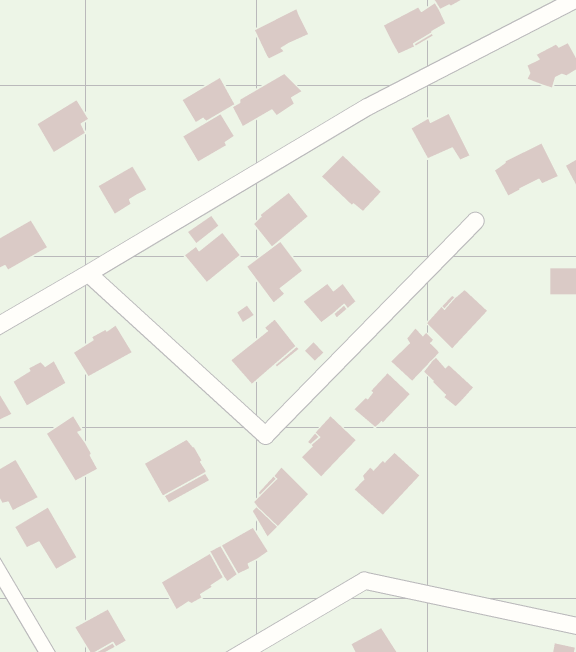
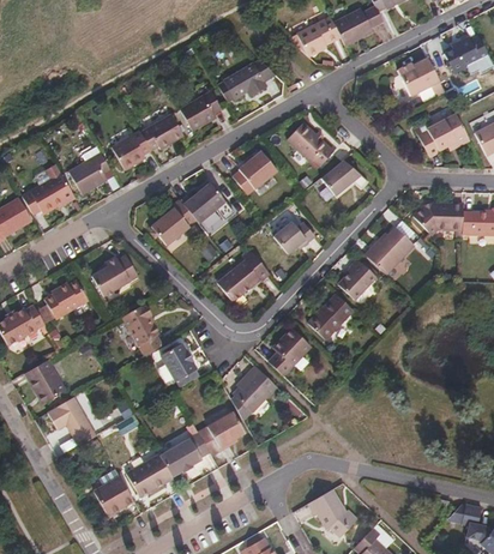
building: [254,8,309,59] -> [297,17,341,56]
building: [182,77,236,123] -> [139,114,181,150]
building: [37,99,89,153] -> [68,152,109,194]
building: [410,113,471,161] -> [398,59,445,96]
building: none -> [319,161,366,197]
building: [246,241,303,304] -> none
building: none -> [151,201,195,246]
building: none -> [415,201,463,233]
building: [423,357,474,407] -> none
building: [46,415,98,481] -> [122,303,163,355]
building: [354,452,420,515] -> none
building: none -> [127,453,174,493]

